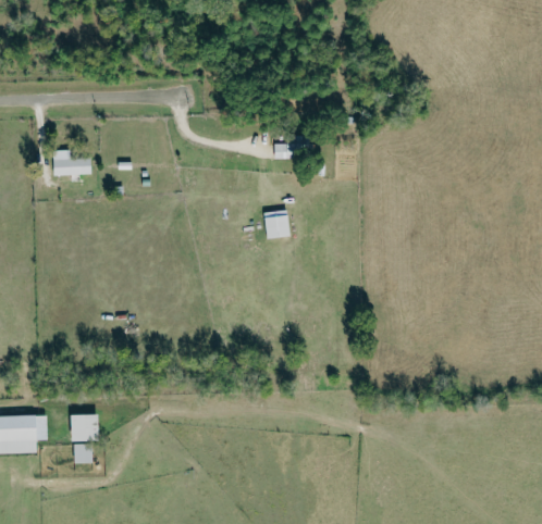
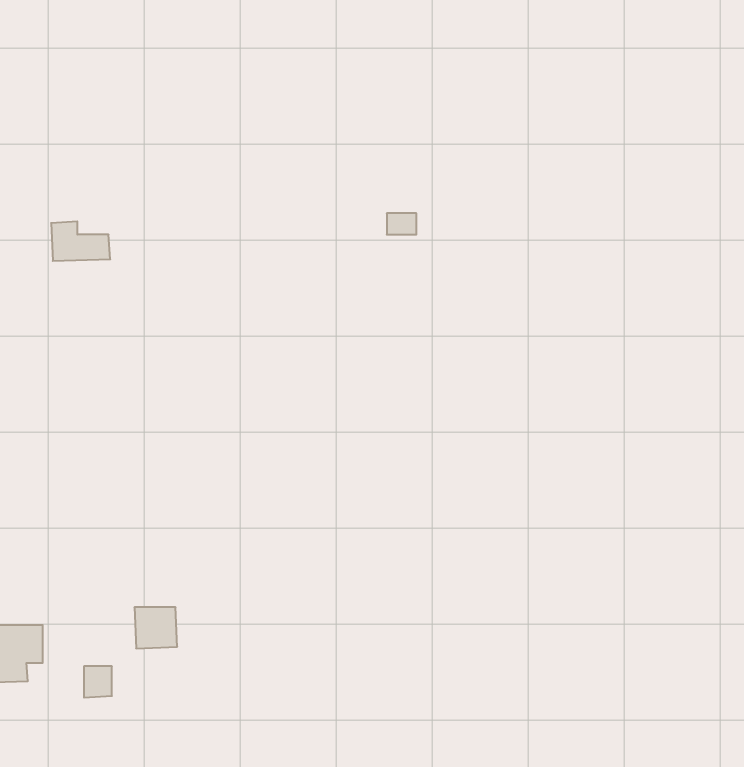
building: [264,210,290,238] -> none
building: [71,414,99,441] -> [134,607,177,648]

